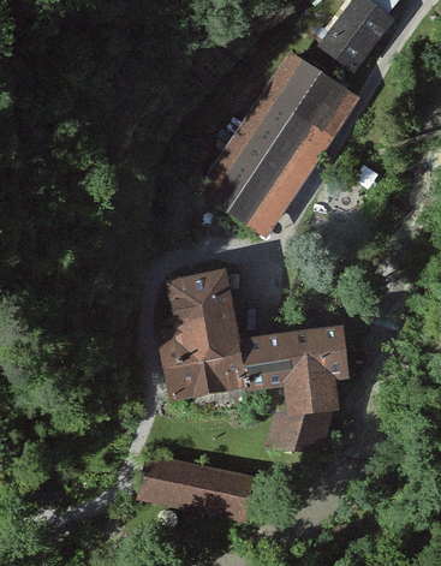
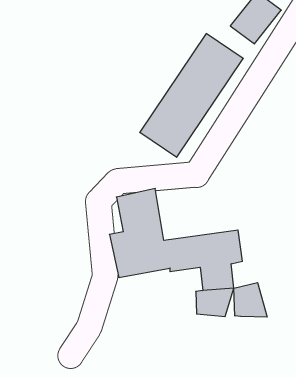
building: none -> [234,283,267,317]
building: [148,458,261,519] -> none

